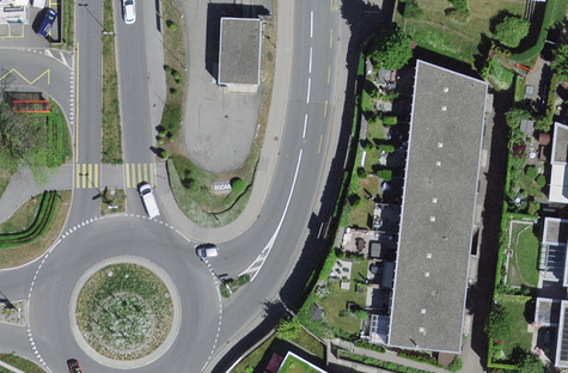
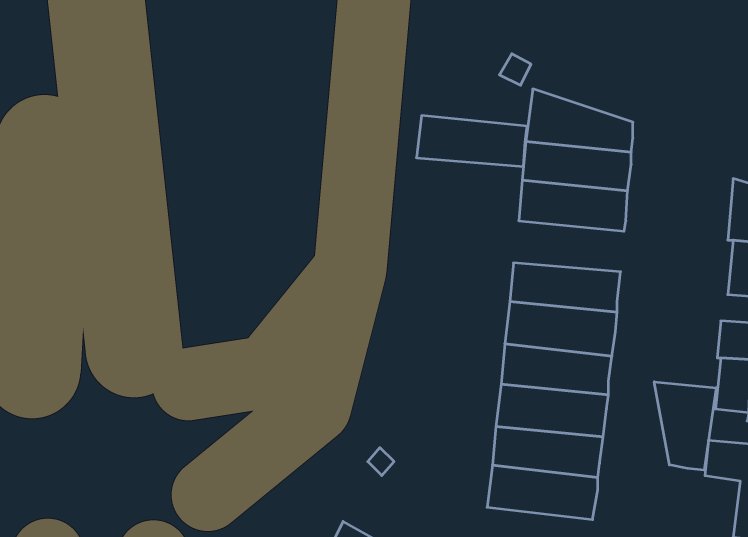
building: [218,19,262,81] -> none
building: [404,151,480,185] -> [416,116,527,167]
building: none -> [654,382,716,470]

